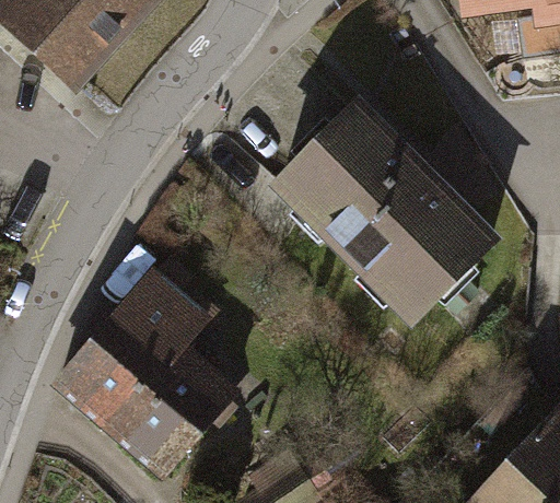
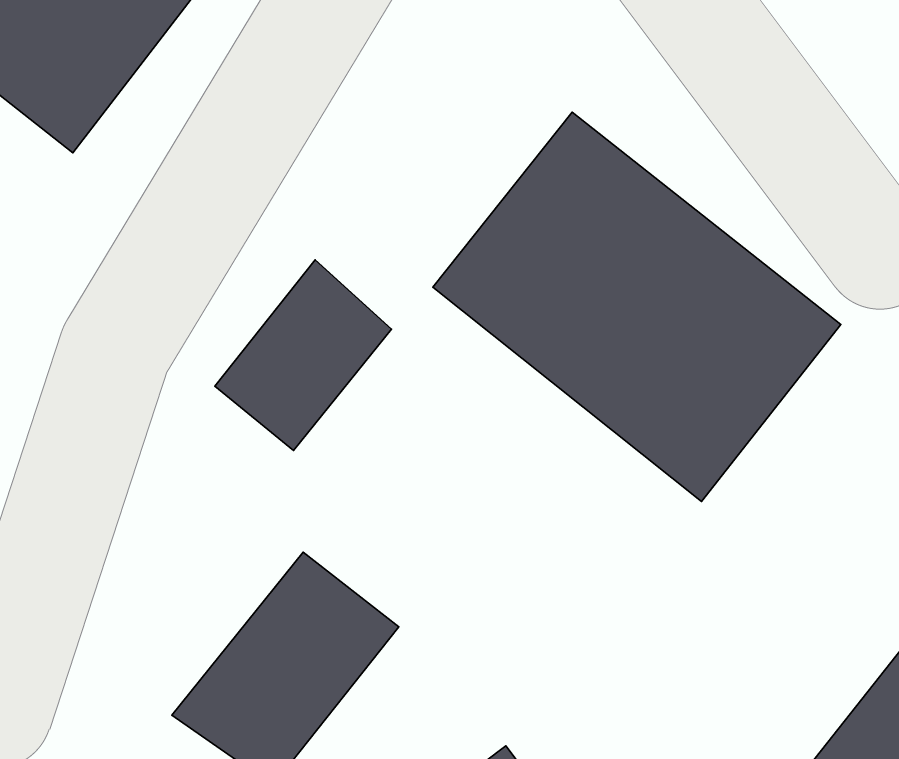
building: none -> [215,260,392,451]
building: [45,269,210,424] -> none

